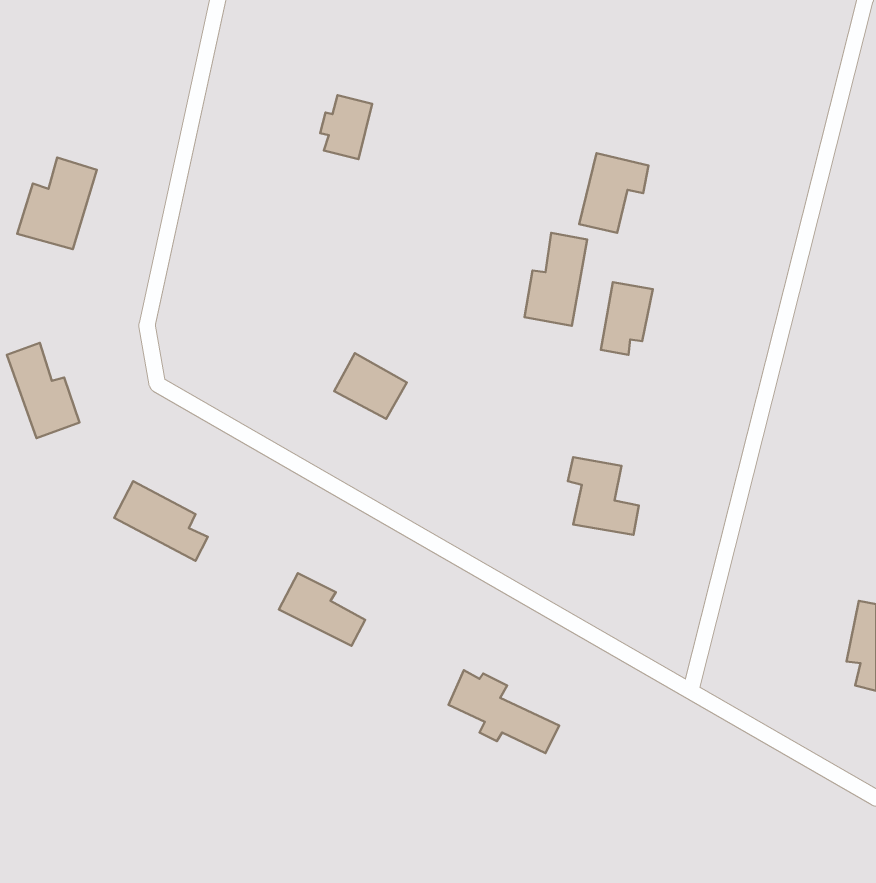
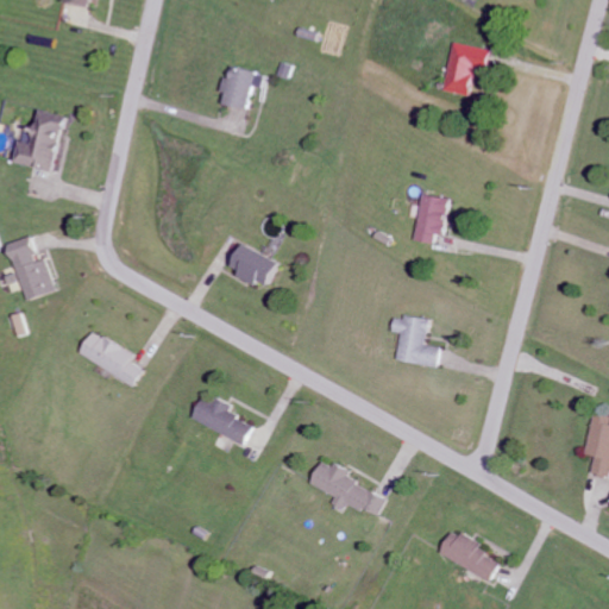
building: [579,153,648,233] -> [441,42,489,96]
building: [524,233,587,326] -> none
building: none -> [438,532,498,582]

